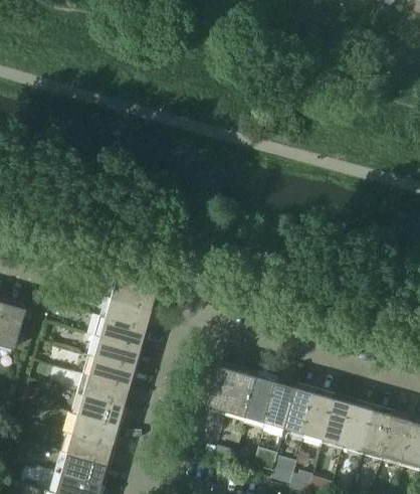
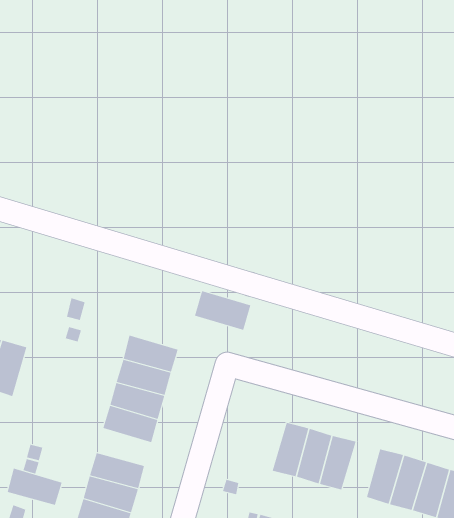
building: [109,279,156,312] -> [194,291,251,331]
building: [207,366,239,413] -> none
building: [81,377,128,408] -> [7,468,63,505]
building: [285,388,317,435] -> none

